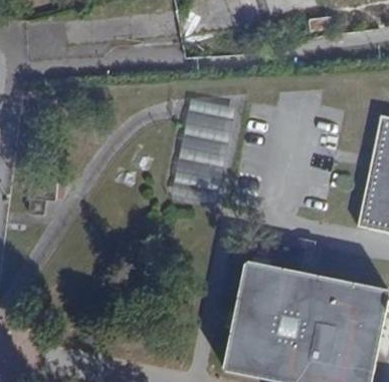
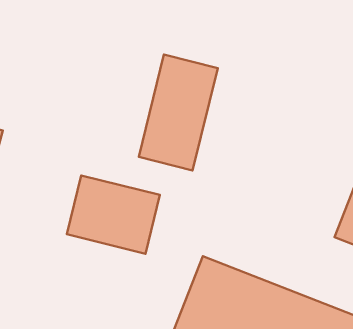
building: none -> [67,175,160,254]

